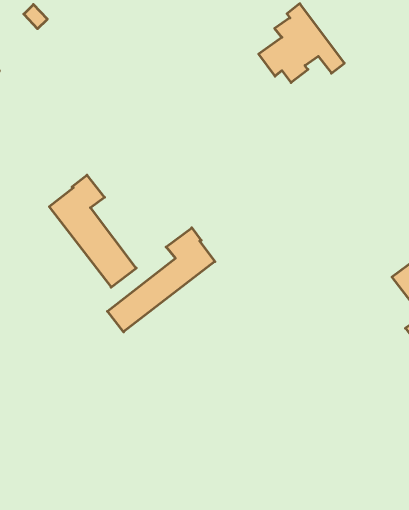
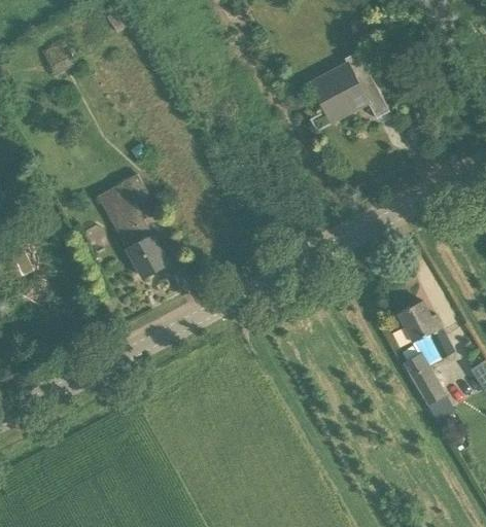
building: [107,228,215,332] -> none

